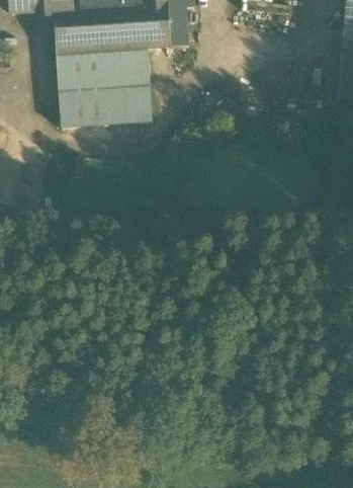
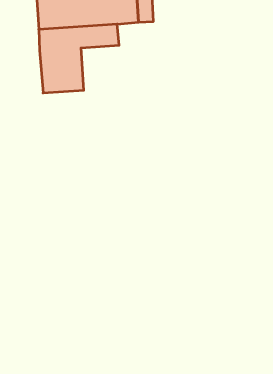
building: [104,71,152,123] -> none

